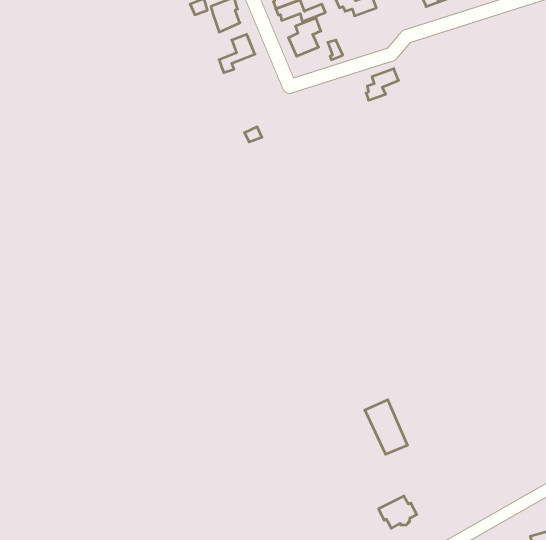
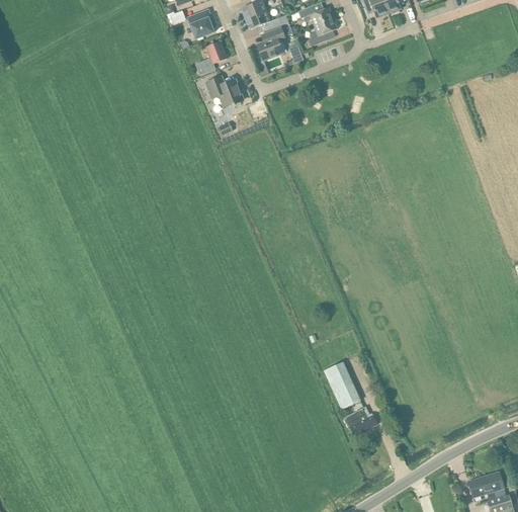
building: [366,69,399,100] -> [309,17,337,45]
building: none -> [205,75,242,106]
building: [379,496,417,528] -> [343,406,376,434]

